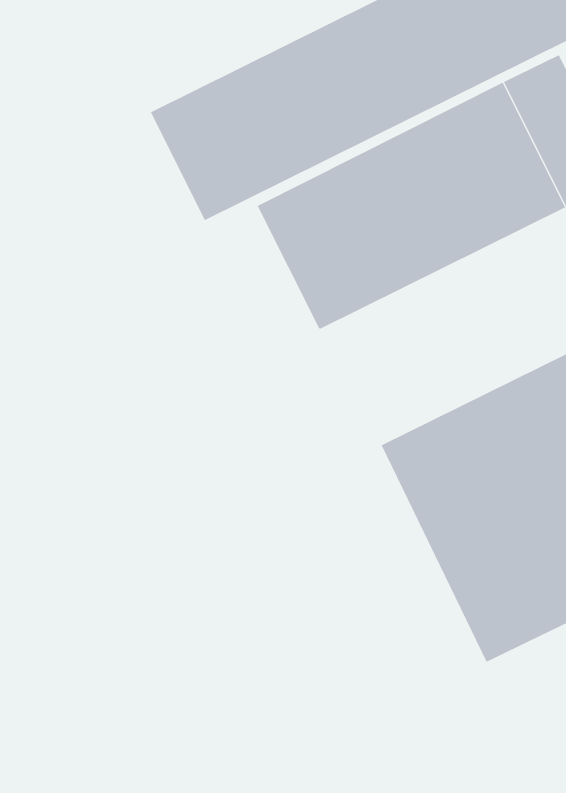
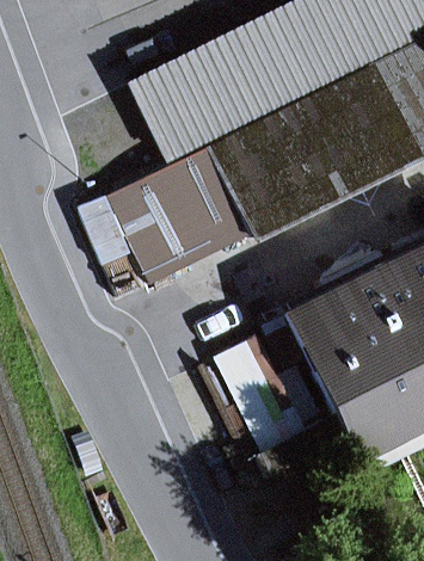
building: none -> [106,147,246,282]

